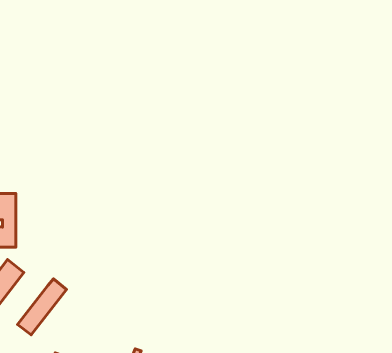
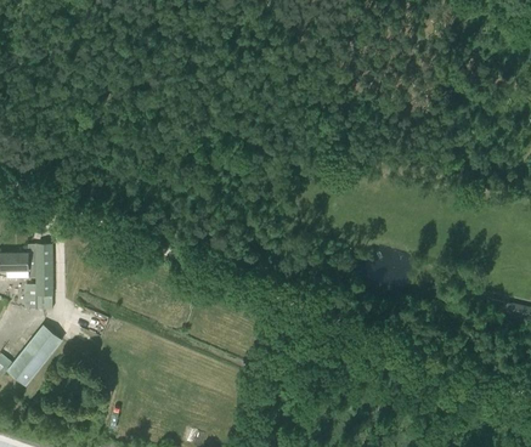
building: [17,279,66,335] -> none

